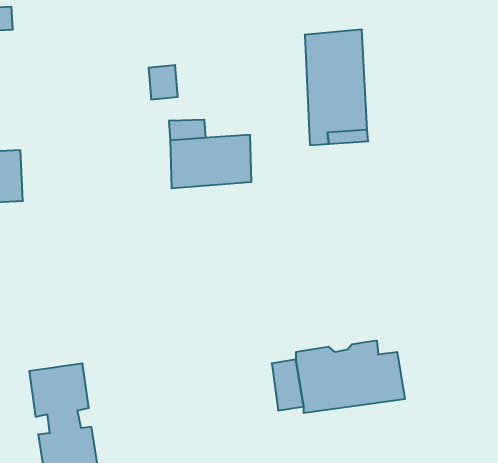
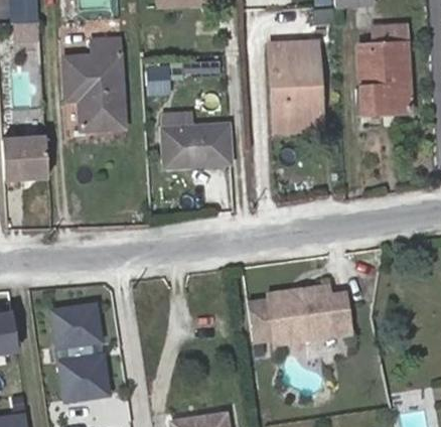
building: none -> [359,24,412,114]
building: none -> [64,36,124,129]

